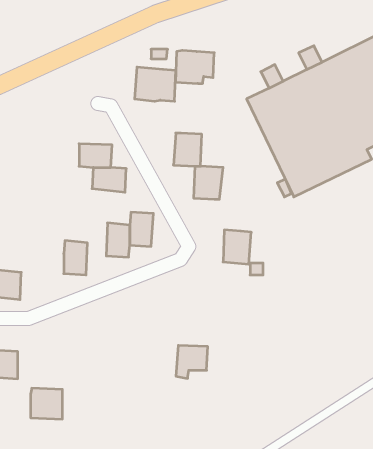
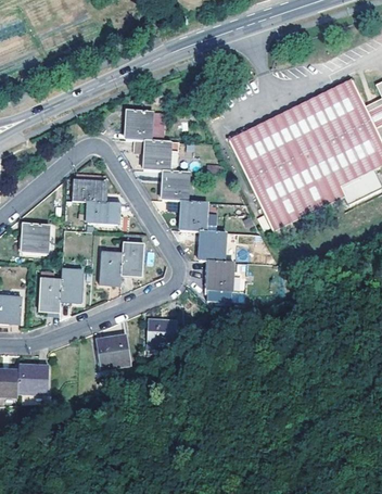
building: [175,50,214,83] -> [143,139,179,169]
building: none -> [22,221,48,252]
building: none -> [199,230,226,259]
building: none -> [38,279,61,311]
building: none -> [97,335,130,368]
building: [176,345,208,378] -> [147,319,176,350]
building: [31,388,62,419] -> [18,365,48,393]

